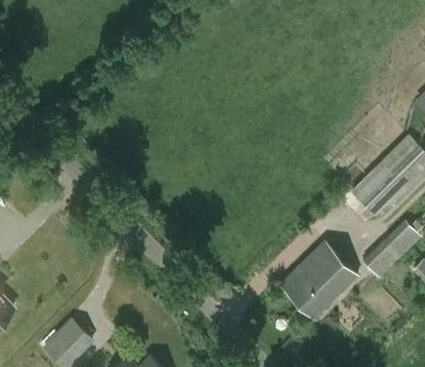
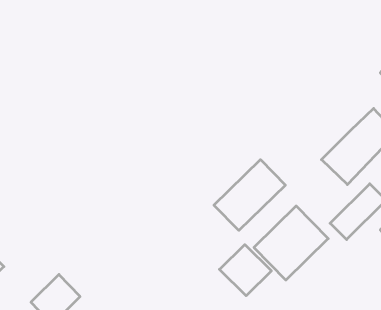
building: none -> [214,160,285,230]
building: none -> [219,245,271,296]

